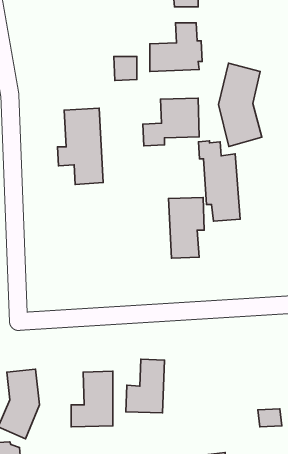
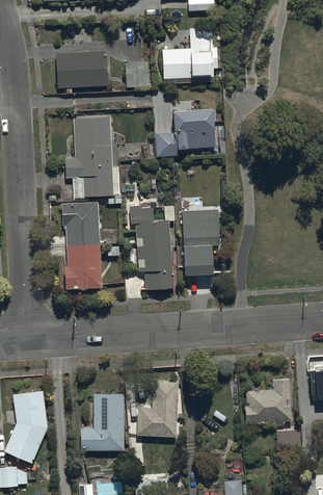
building: none -> [55,52,108,88]
building: [219,63,262,147] -> none
building: [198,141,240,221] -> [130,206,173,290]
building: none -> [61,202,101,288]
building: none -> [244,379,291,426]

